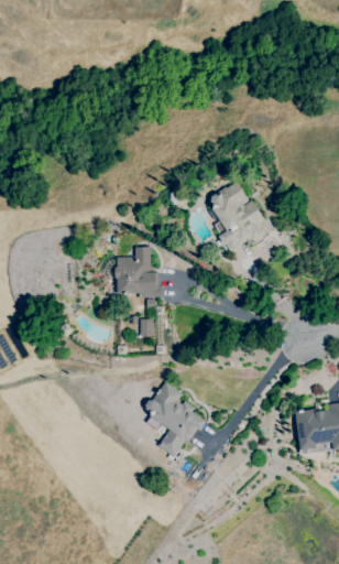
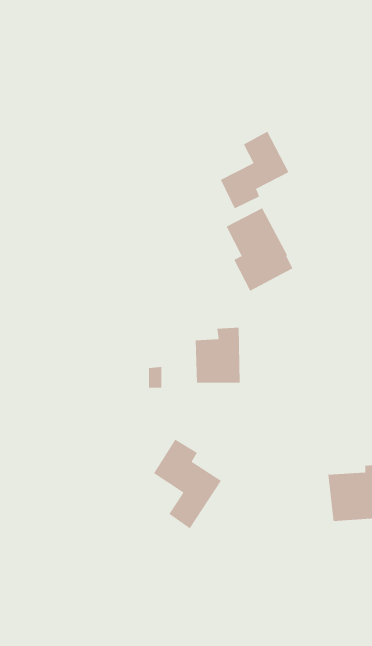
building: none -> [220,131,289,209]
building: [114,247,154,295] -> [195,327,241,383]

